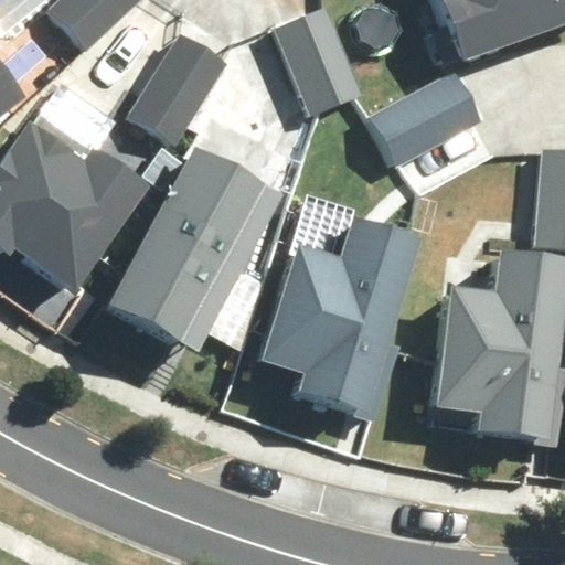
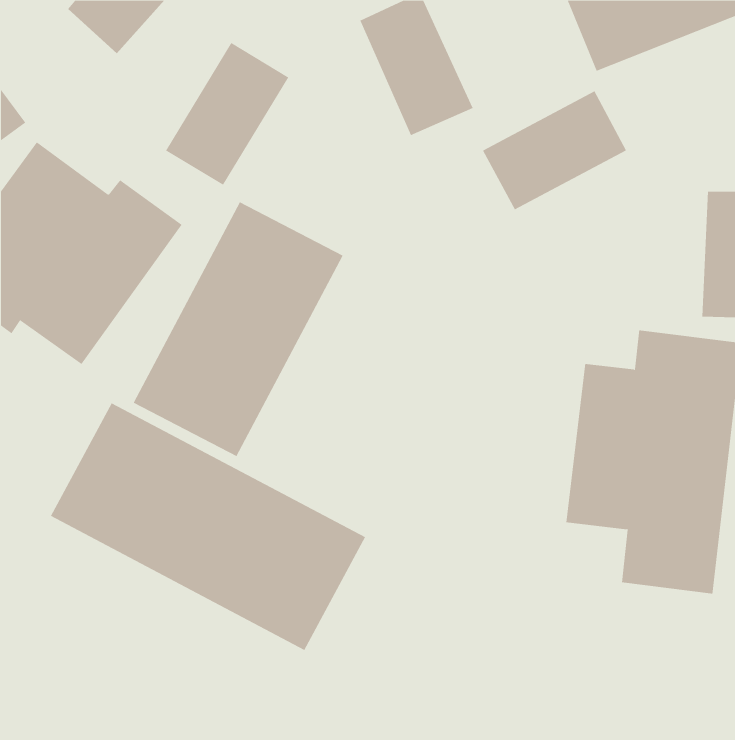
building: [258,225,417,430] -> none
building: none -> [50,403,366,651]

